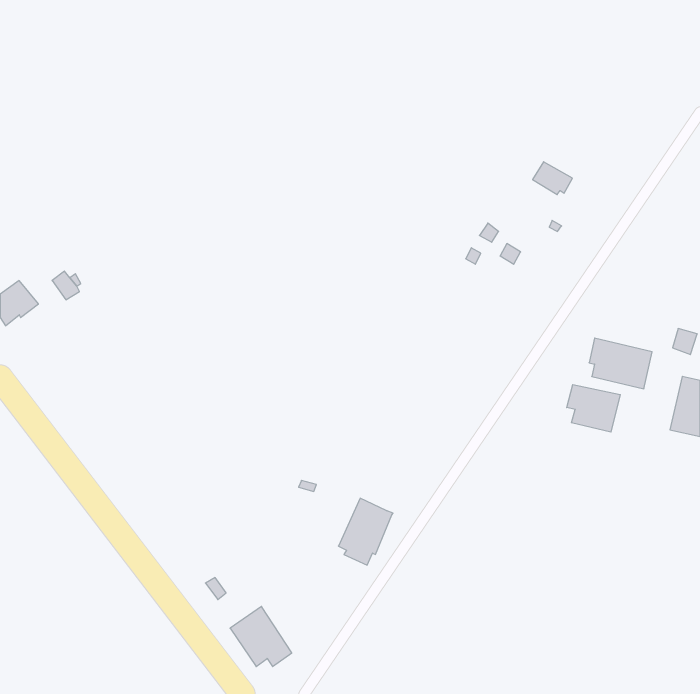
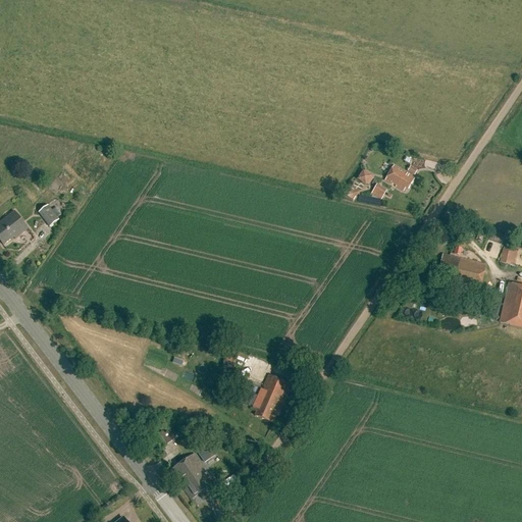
building: [533,162,572,195] -> [384,163,414,188]
building: [567,385,620,432] -> none

